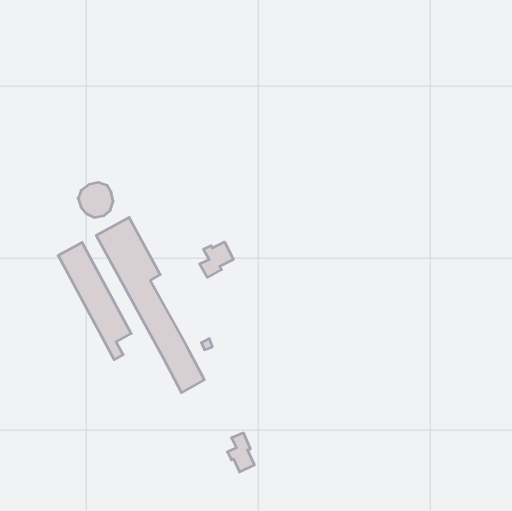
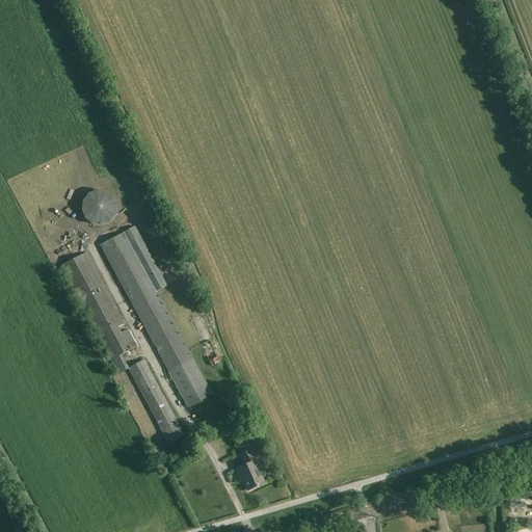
building: [200,242,233,277] -> none
building: none -> [128,360,184,443]

